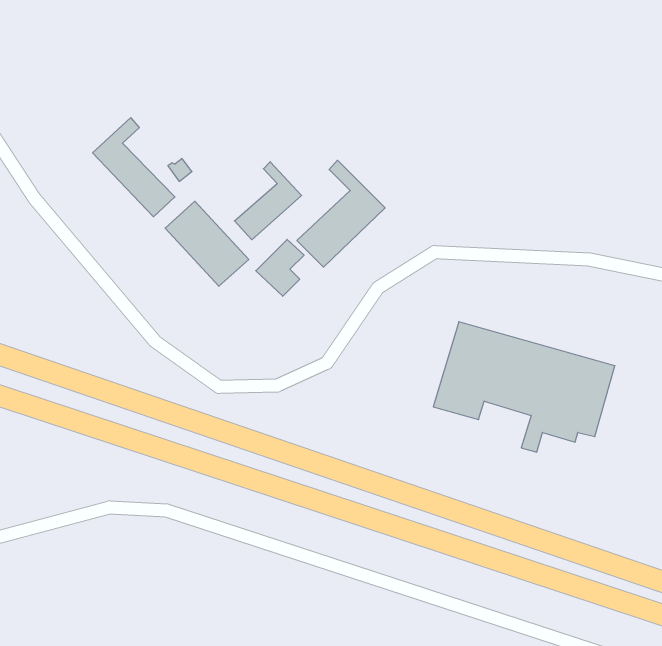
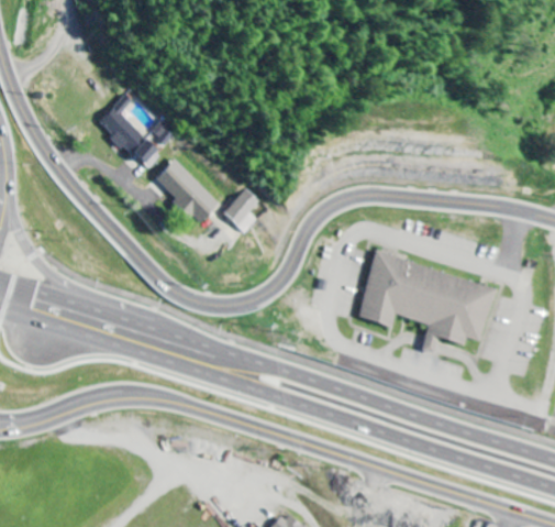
building: [297,160,385,267] -> none
building: [234,162,302,240] -> none

